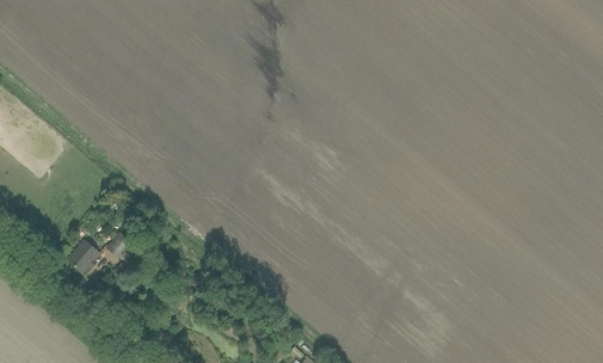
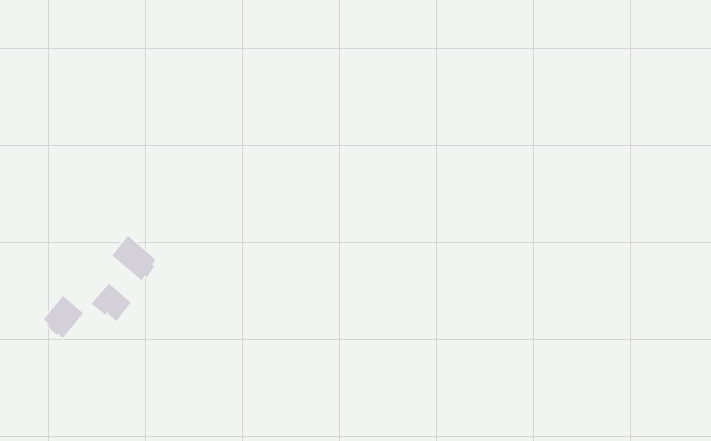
building: none -> [111,235,156,282]

